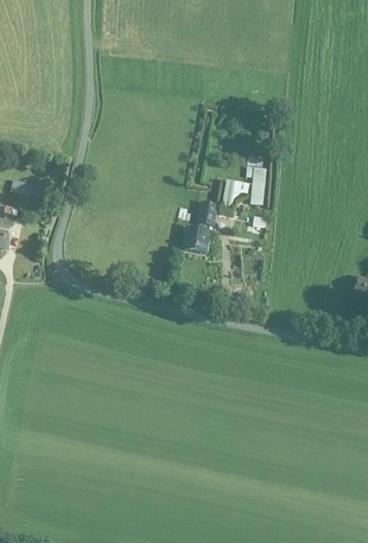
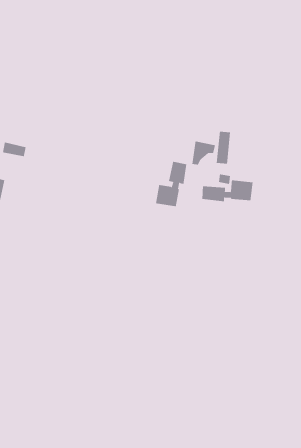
building: none -> [202,180,253,202]

